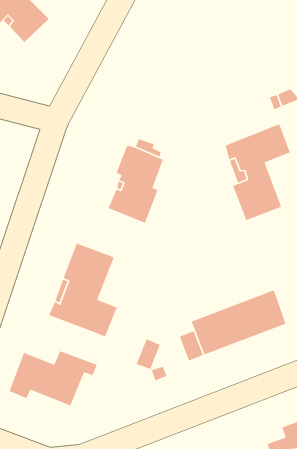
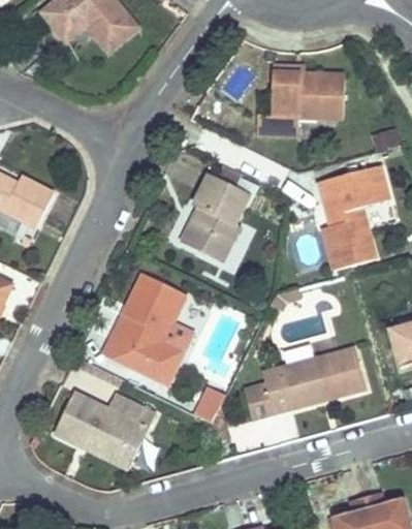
building: none -> [258,70,345,135]
building: none -> [72,419,148,469]

